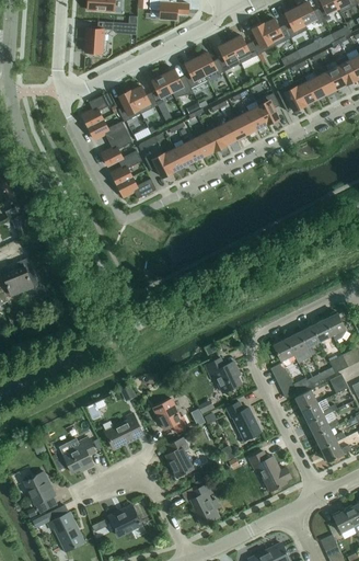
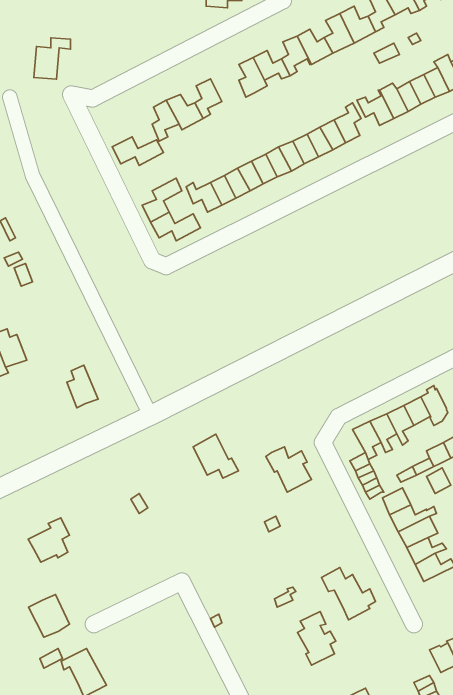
building: [84,22,113,54] -> [34,38,71,79]
building: [163,69,194,98] -> none
building: [82,93,113,127] -> none
building: [101,131,137,167] -> none
building: [14,259,38,291] -> [67,365,98,408]
building: [153,399,188,433] -> [193,434,239,478]
building: [225,402,260,440] -> none
building: [105,413,143,449] -> none
building: [62,438,94,472] -> [28,518,69,562]
building: [166,438,193,478] -> none
building: [190,484,220,526] -> [297,611,336,665]
building: [108,508,141,537] -> none

